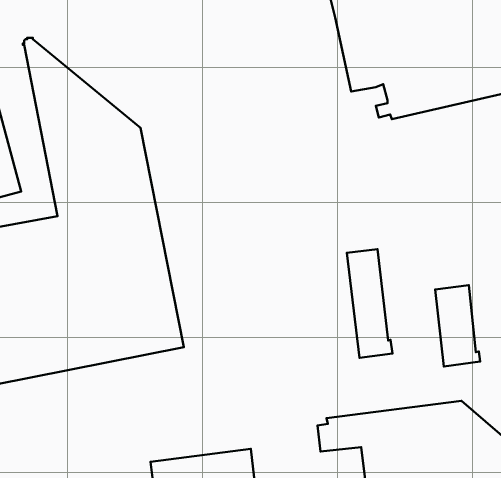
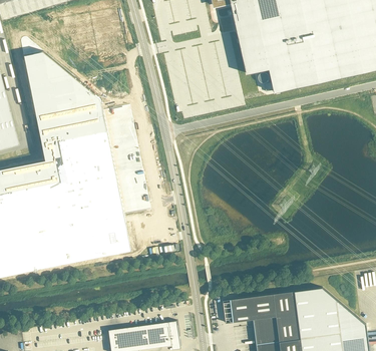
building: [347,249,392,358] -> none
building: [435,285,480,366] -> none

